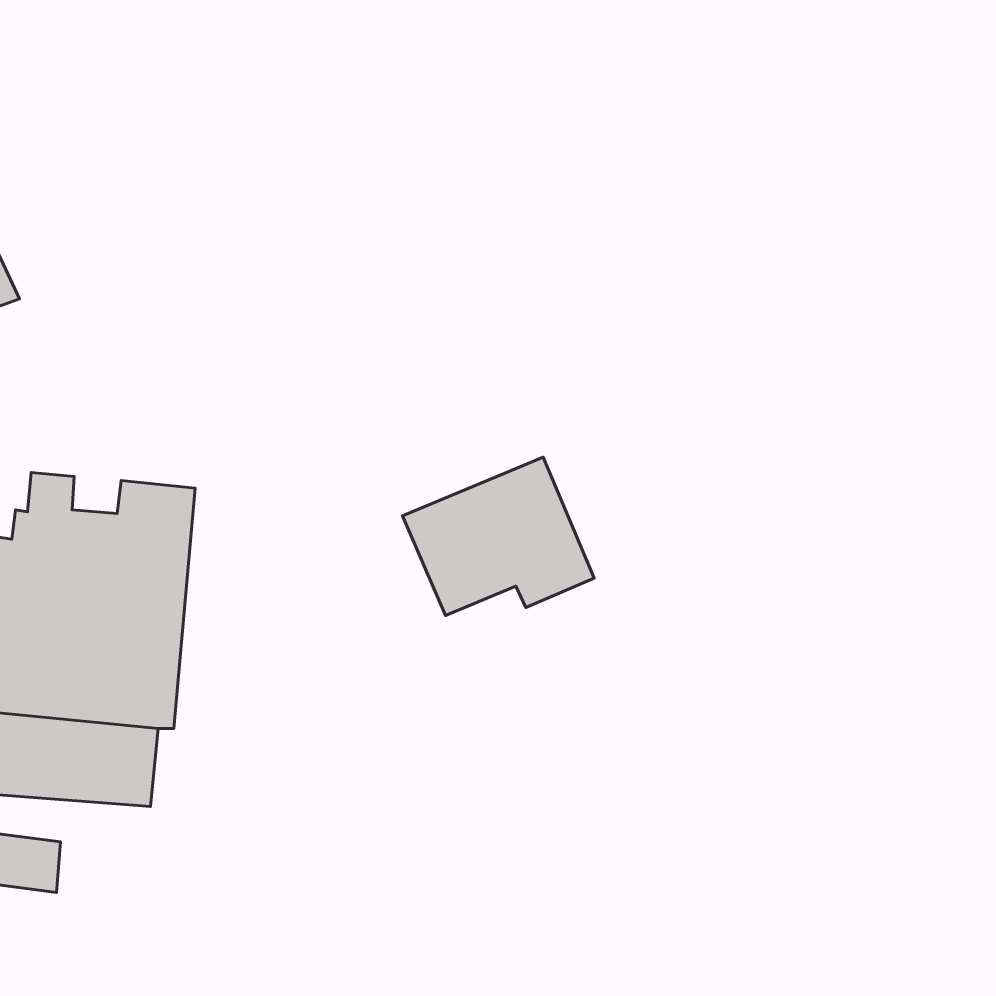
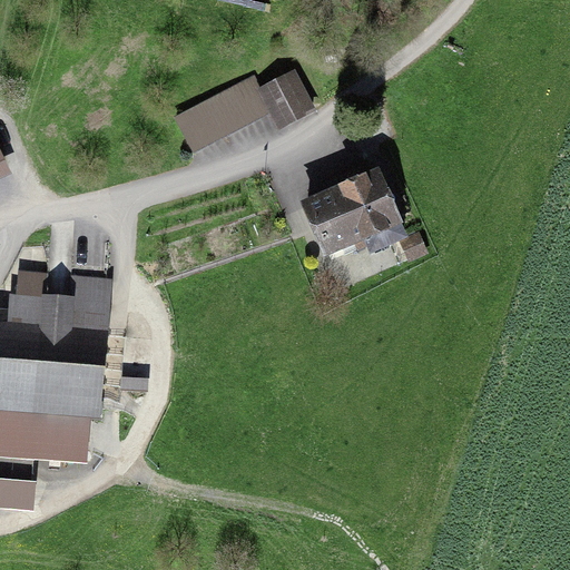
building: none -> [171,76,315,159]
building: [403,457,594,615] -> [298,164,407,254]

